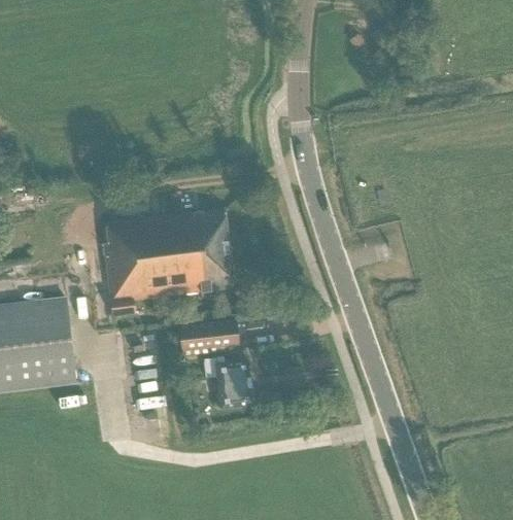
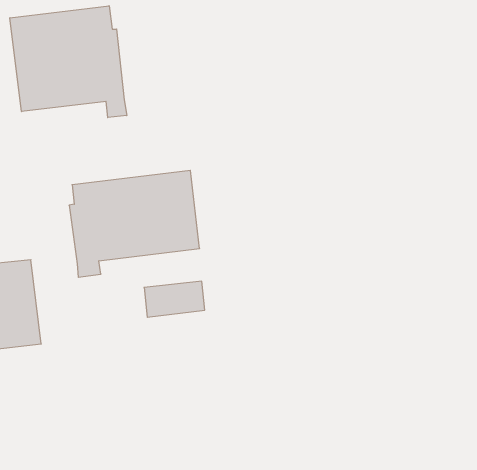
building: none -> [10,6,127,118]
building: [205,358,253,410] -> none

